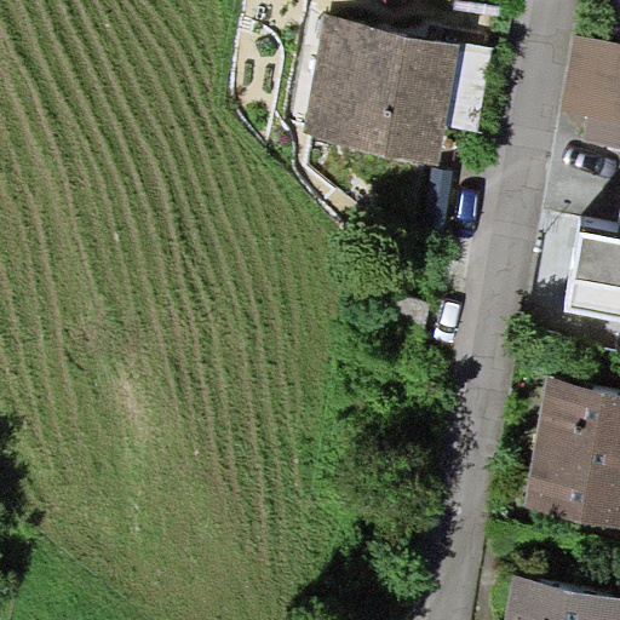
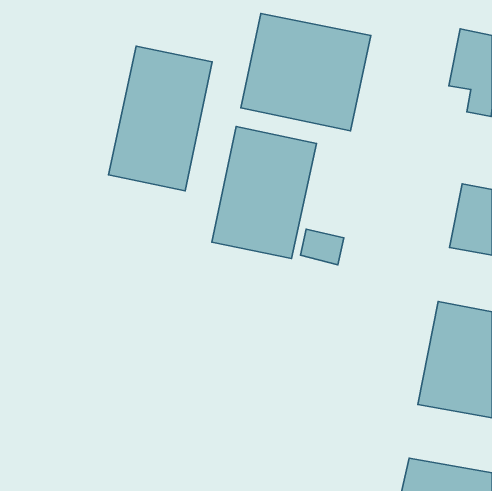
building: none -> [108,46,212,191]
building: none -> [212,127,317,259]

